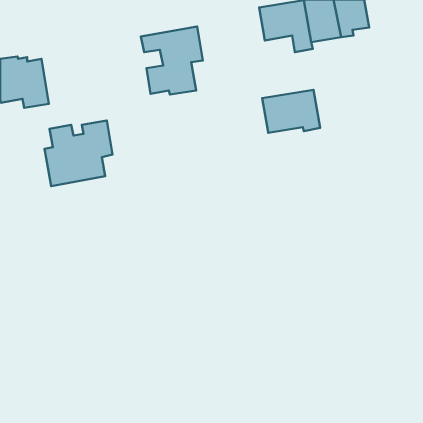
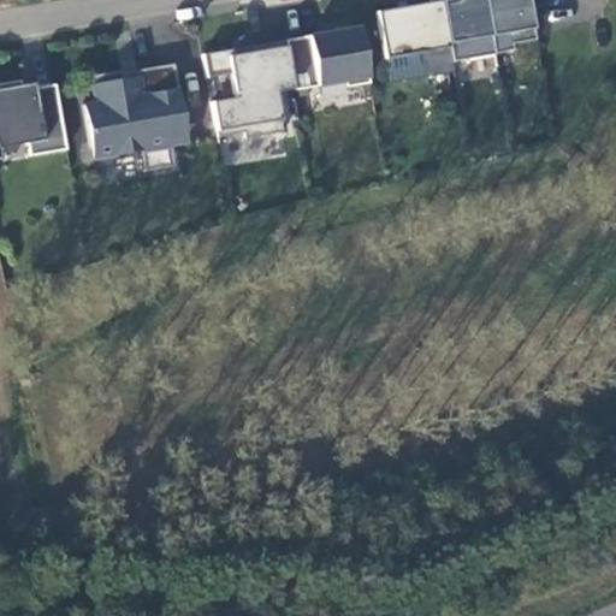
building: [262,90,320,133] -> [286,26,371,89]
building: [45,121,112,186] -> [85,64,184,159]

